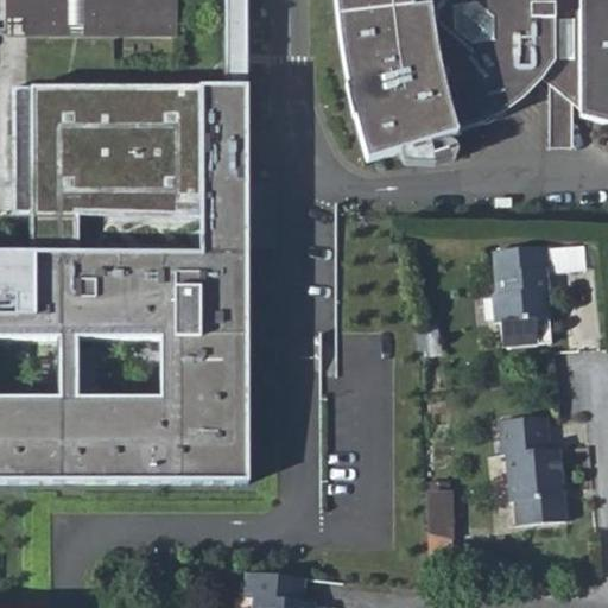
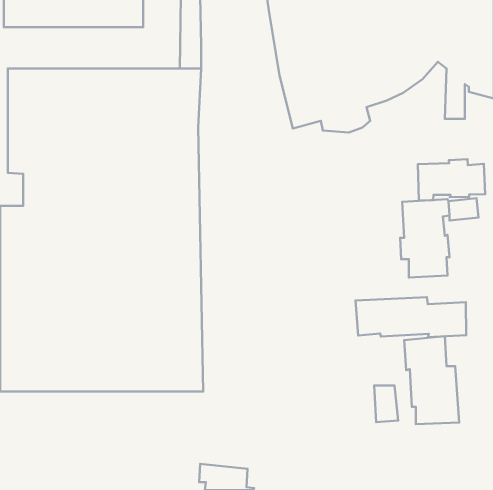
building: none -> [418,159,485,200]
building: none -> [355,297,466,337]
building: [426,489,456,534] -> [374,386,398,422]

